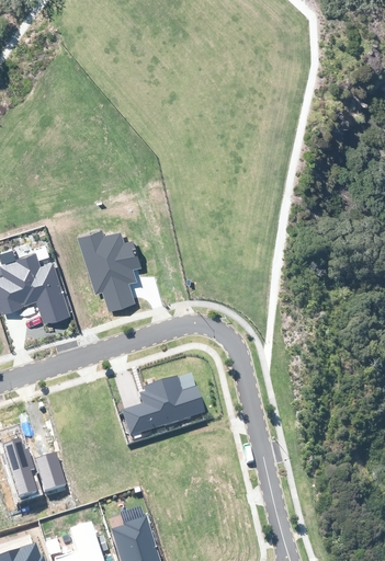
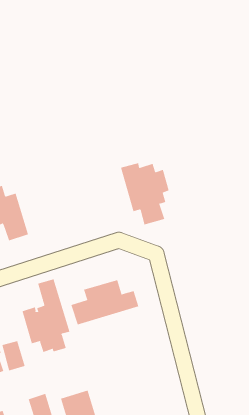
building: [77,231,140,312] -> [120,162,169,225]
building: none -> [22,279,70,353]

